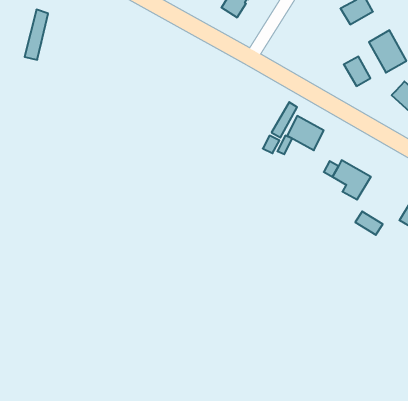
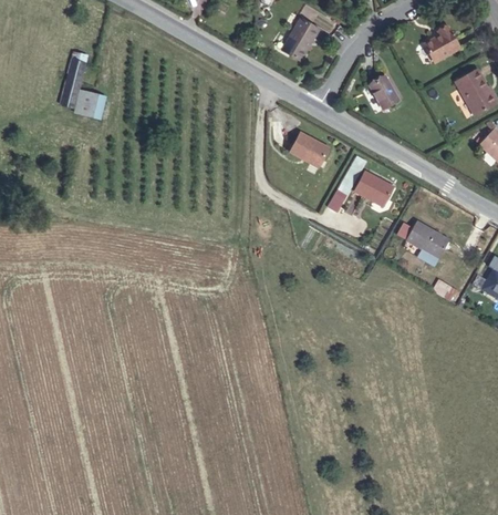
building: none -> [75,87,106,117]
building: [344,57,370,86] -> [370,74,400,107]
building: none -> [290,131,332,168]

